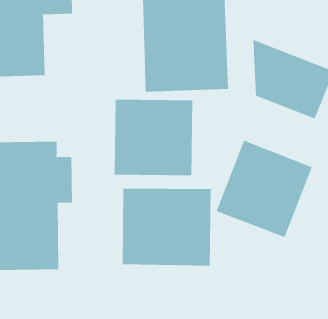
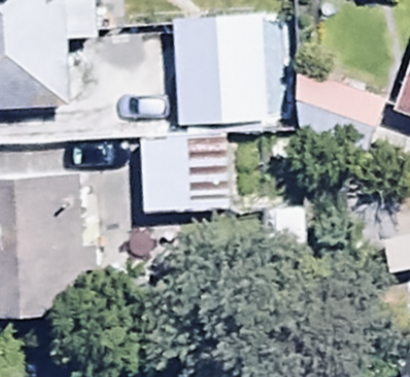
building: [216,140,312,238] -> none
building: [122,188,211,266] -> none

